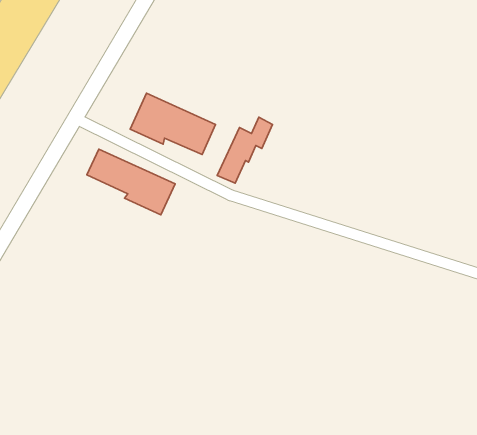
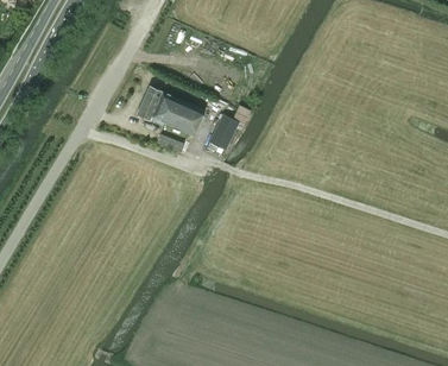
building: [87,149,175,215] -> none

